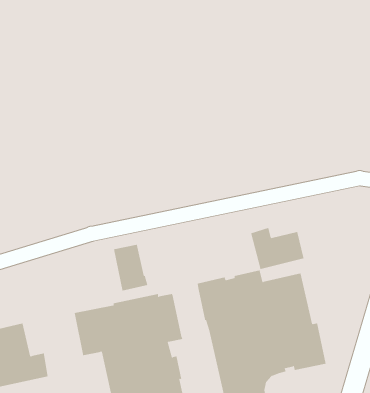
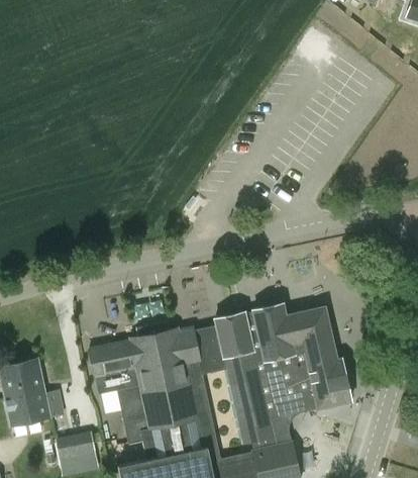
building: [250,227,304,270] -> none
building: [113,244,148,291] -> [193,324,229,373]

